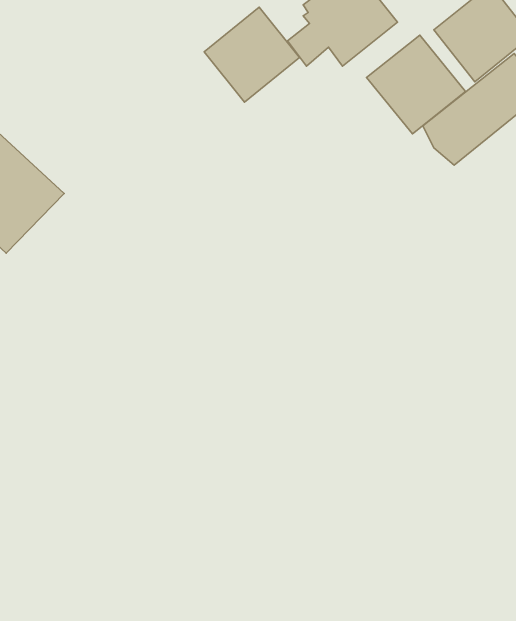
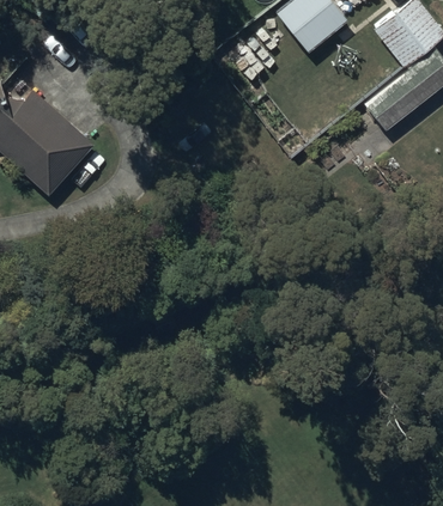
building: [204,7,299,102] -> none
building: [367,35,466,134] -> none

